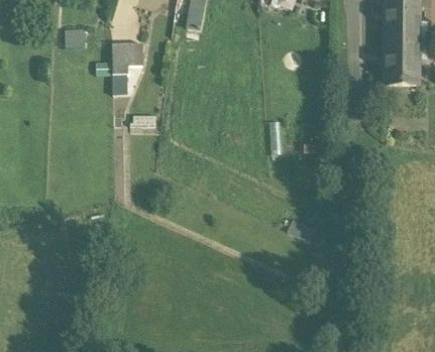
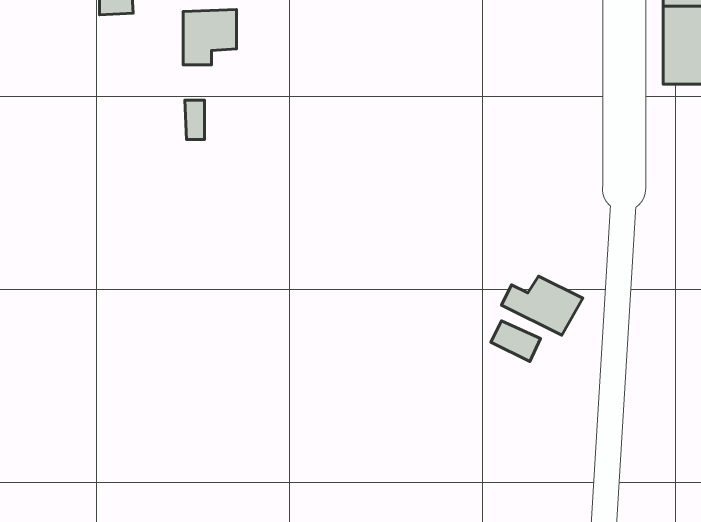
building: none -> [502,276,583,335]

